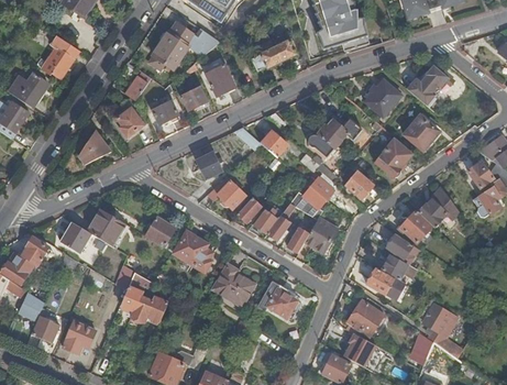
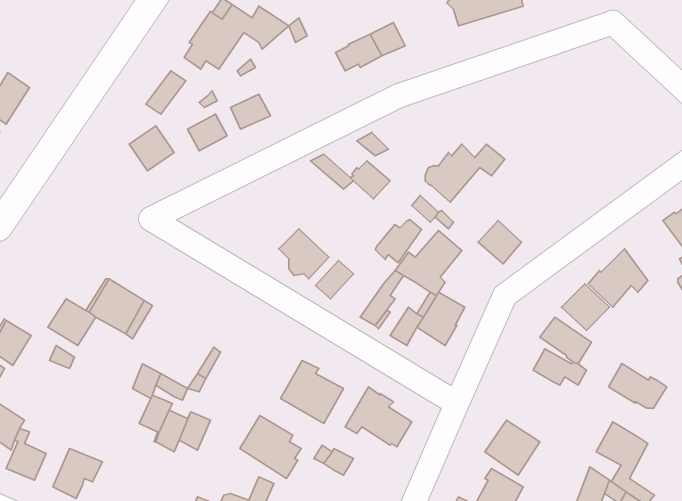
building: [41,35,78,78] -> none
building: [407,63,452,103] -> none
building: [205,64,235,95] -> none
building: [364,78,401,117] -> none
building: [401,112,438,151] -> none
building: [77,129,109,163] -> none
building: [374,138,411,175] -> none
building: [195,151,222,178] -> none
building: [251,205,282,233] -> [375,219,422,263]
building: [145,214,175,245] -> none
building: [173,230,213,272] -> [240,415,301,479]
building: [366,267,405,297] -> [609,363,667,408]

